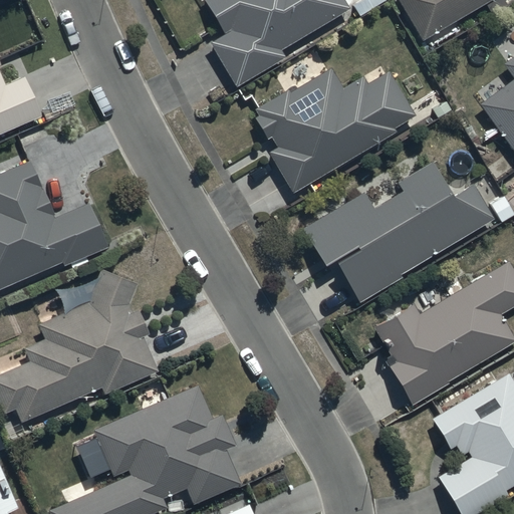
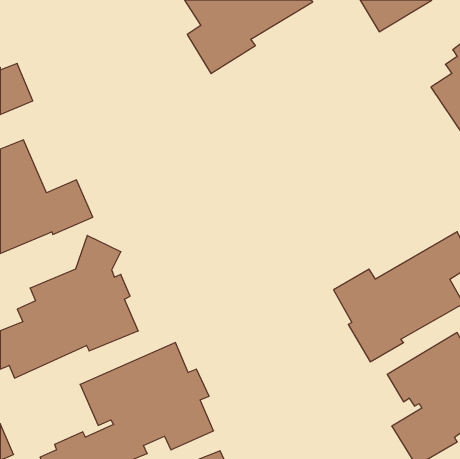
building: [255,69,417,192] -> none
building: [302,161,495,304] -> none

